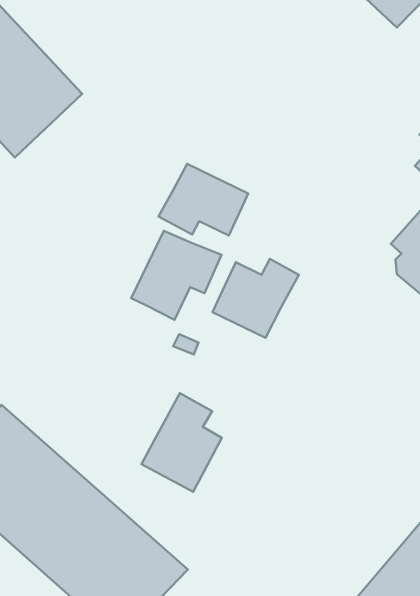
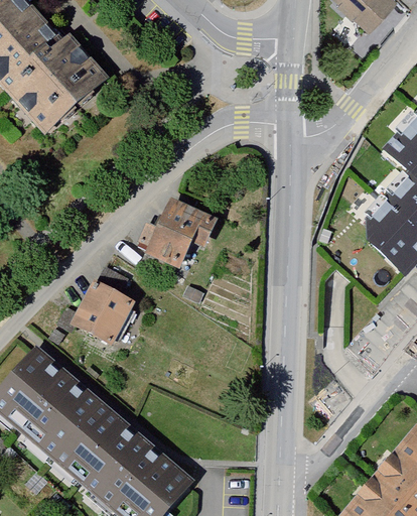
building: [158,164,248,235] -> none
building: [212,259,299,338] -> none
building: [141,393,222,492] -> [73,267,140,350]

